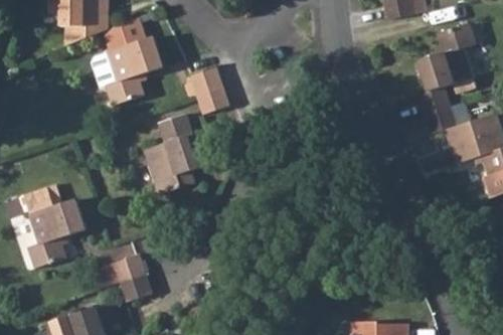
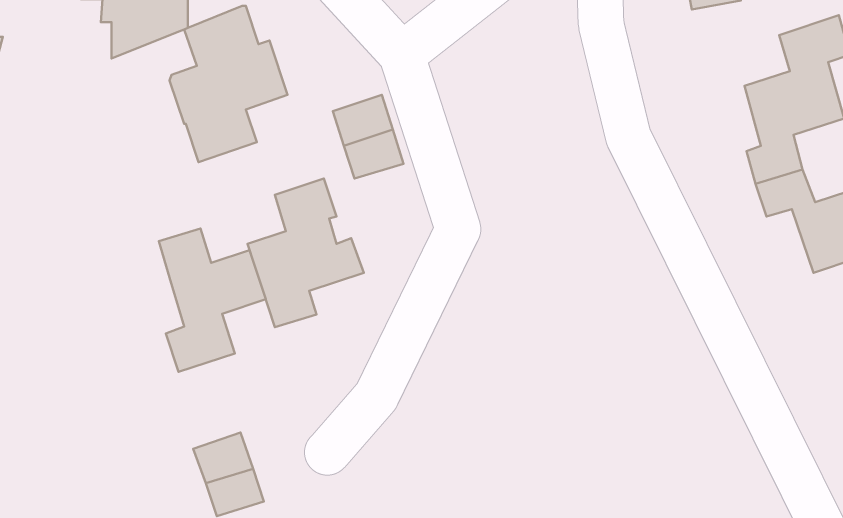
building: [24,188,83,268] -> [159,228,266,372]

